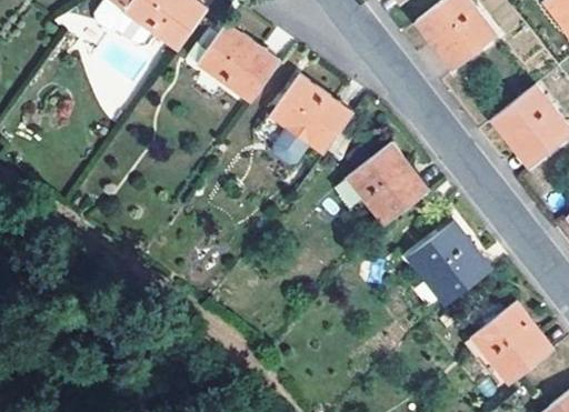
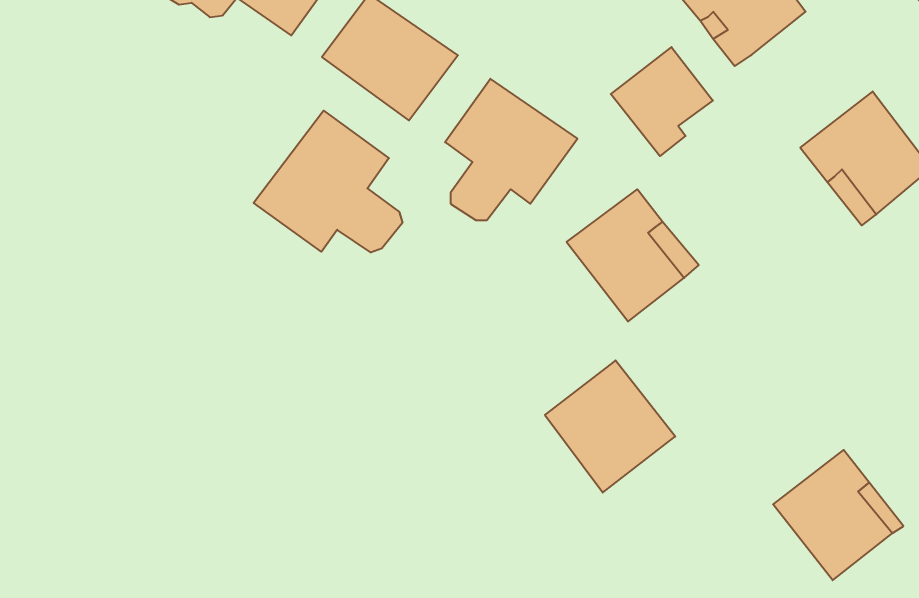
building: none -> [611,47,713,156]
building: none -> [254,111,402,252]
building: [411,222,491,303] -> [545,360,675,493]

